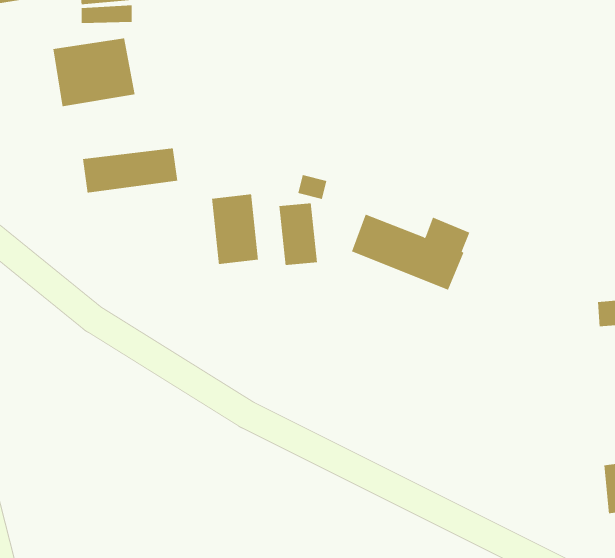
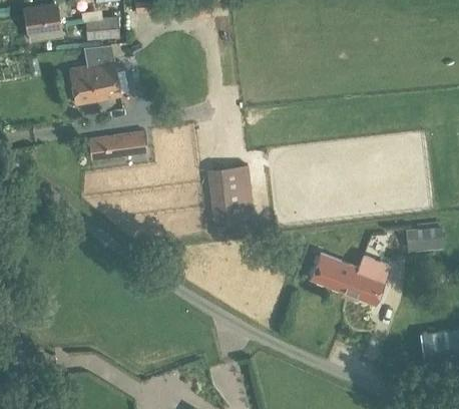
building: [211,193,258,265] -> none
building: [351,214,470,291] -> [312,254,388,303]

